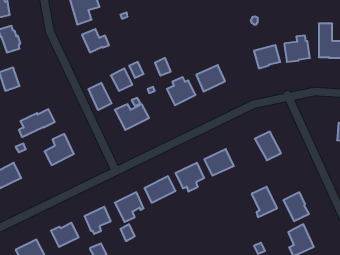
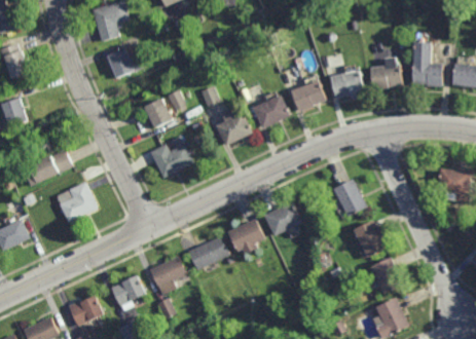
building: none -> [292,78,325,111]
building: [88,83,112,110] -> none
building: [252,187,277,217] -> [351,220,383,259]

